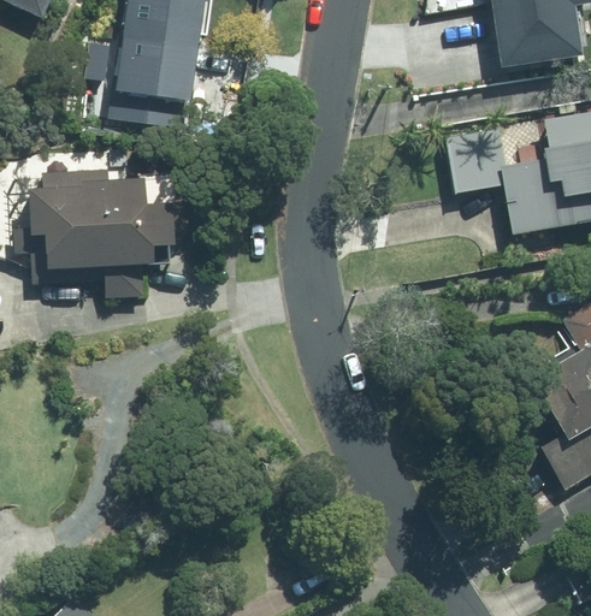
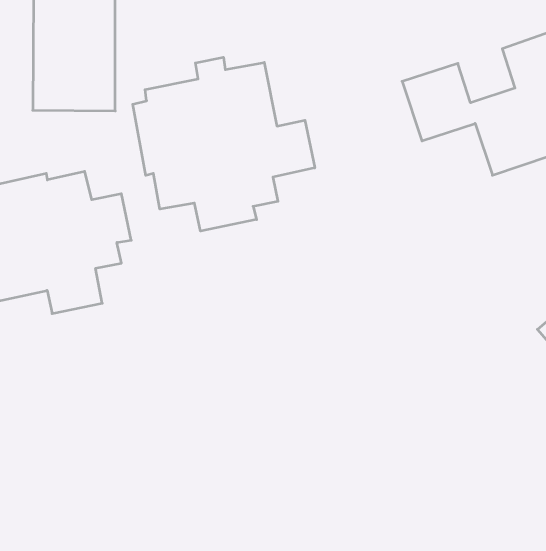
building: none -> [133,57,315,231]

